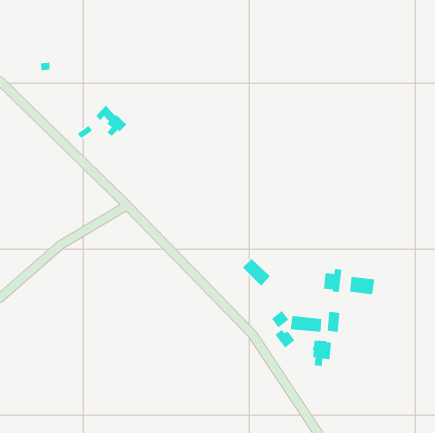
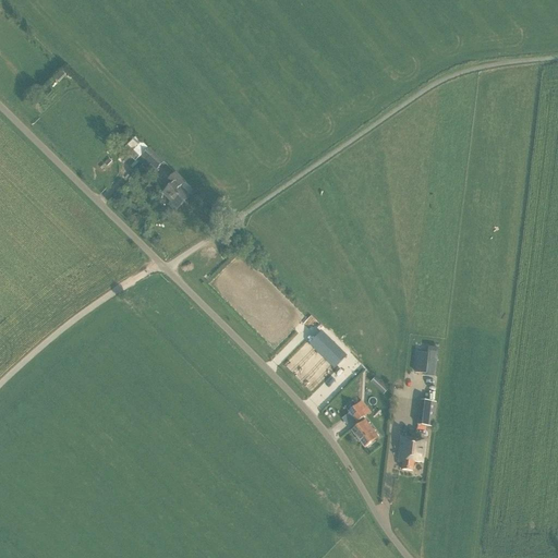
building: none -> [162,171,189,208]
building: [349,276,375,295] -> none
building: [290,315,322,333] -> none

